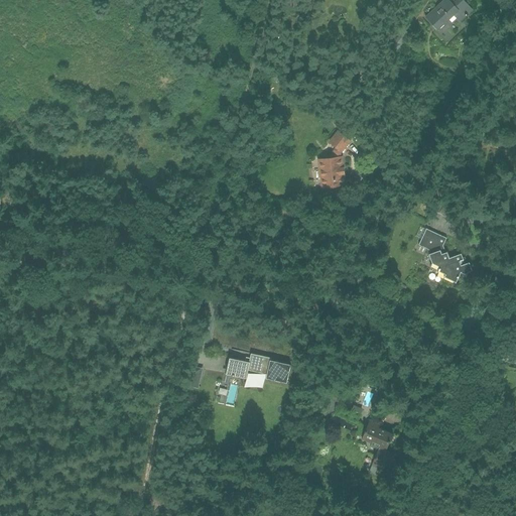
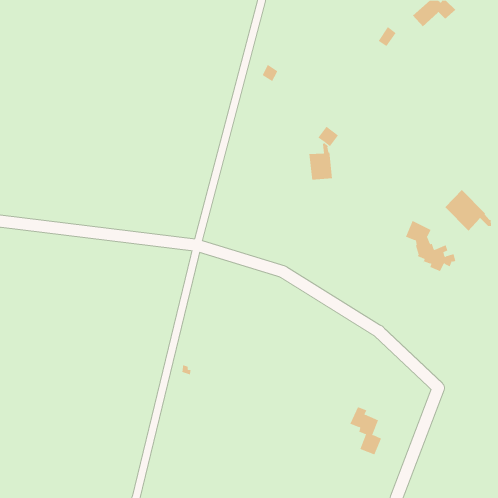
building: none -> [444,189,492,231]
building: [226,353,290,382] -> none

